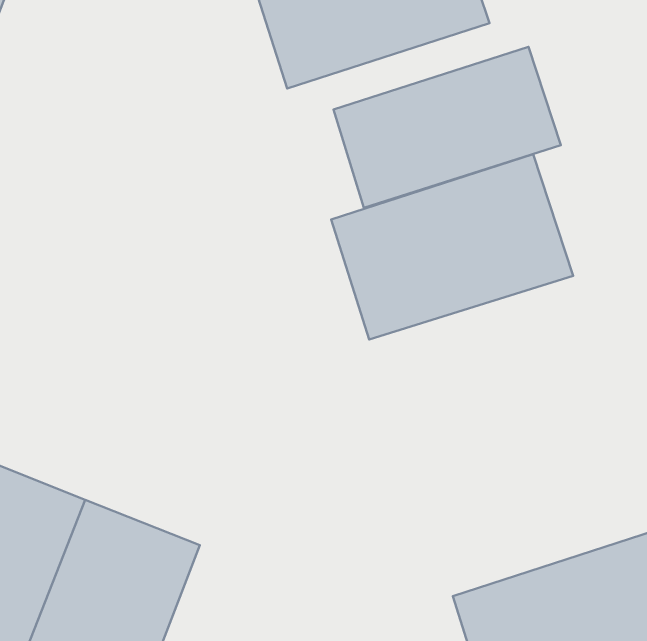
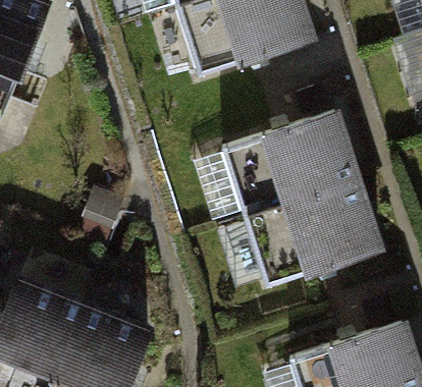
building: [333,47,561,208] -> none
building: none -> [247,177,383,283]

